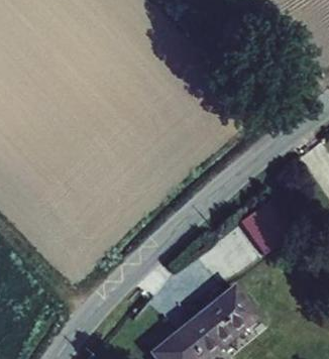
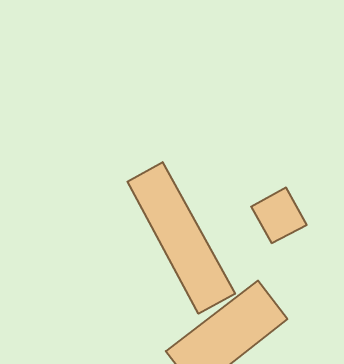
building: none -> [127,162,235,314]

